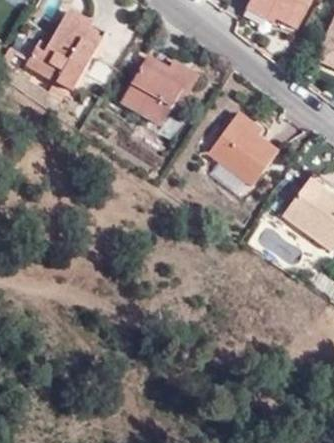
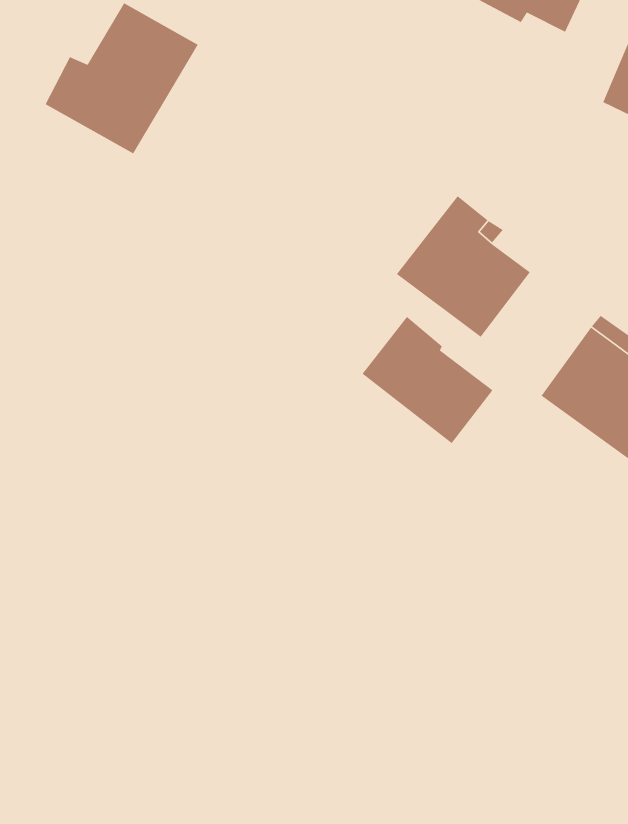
building: [122,46,198,125] -> none
building: none -> [362,316,494,444]

